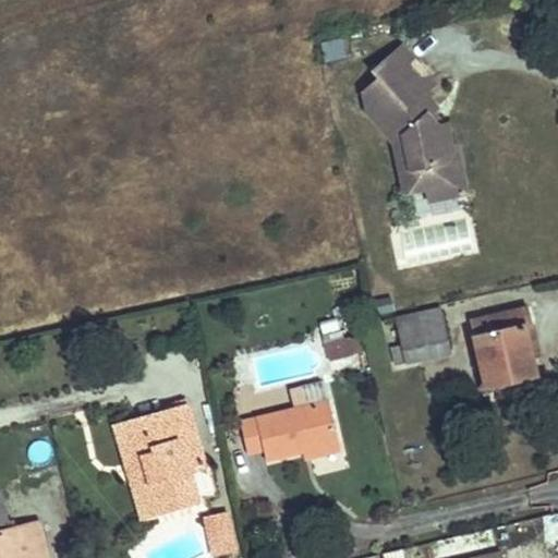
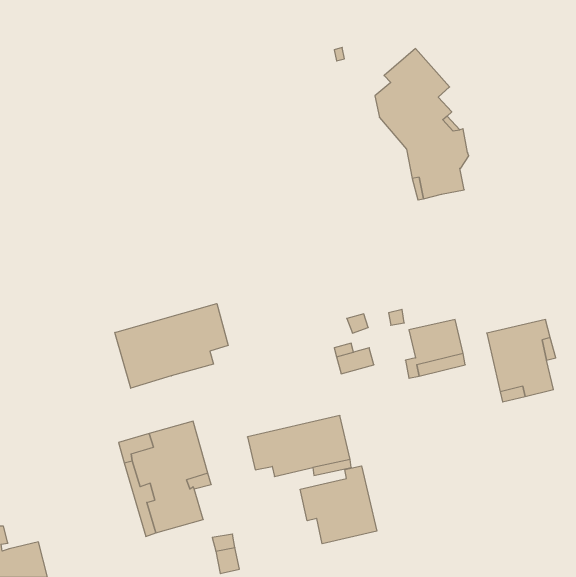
building: [426,147,464,202] -> none
building: none -> [115,304,228,388]
building: none -> [300,466,377,544]

